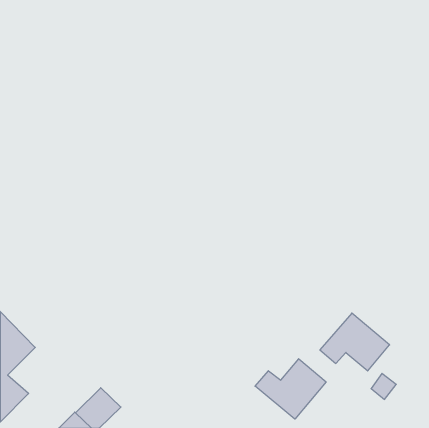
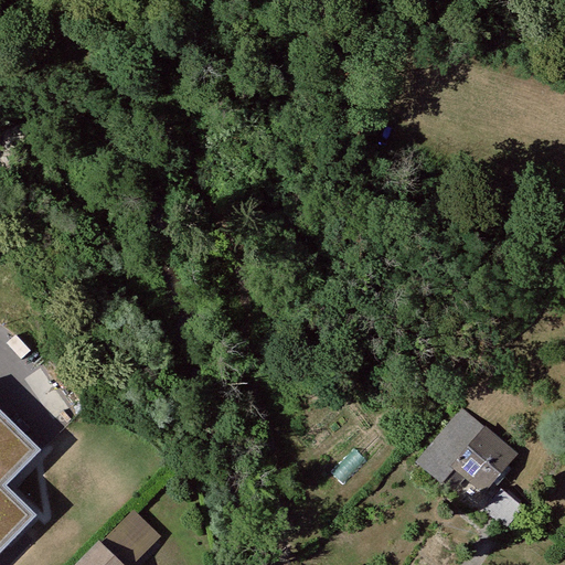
building: [255,359,326,419] -> none

